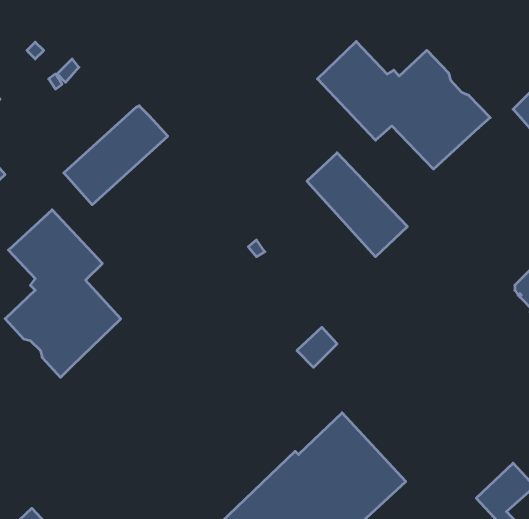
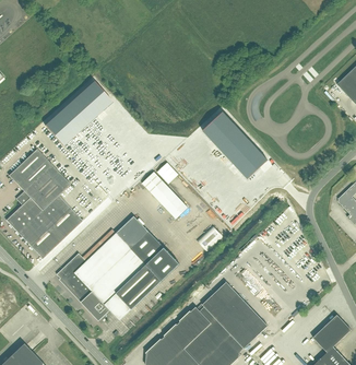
building: [317,41,490,169] -> none
building: none -> [141,172,187,219]
building: none -> [56,215,178,320]

